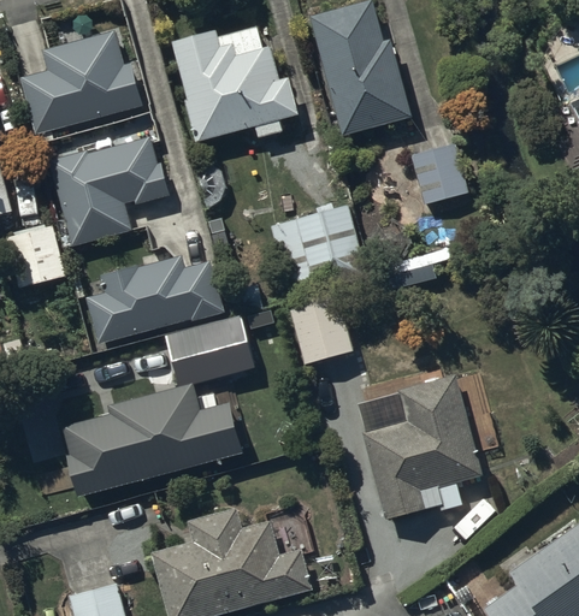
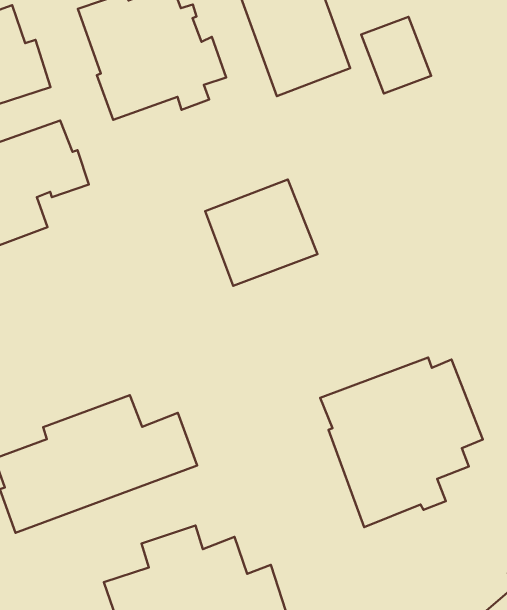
building: [408,142,467,208] -> [361,17,431,94]
building: [87,254,223,344] -> none
building: [288,291,353,362] -> none
building: [163,319,250,385] -> none

